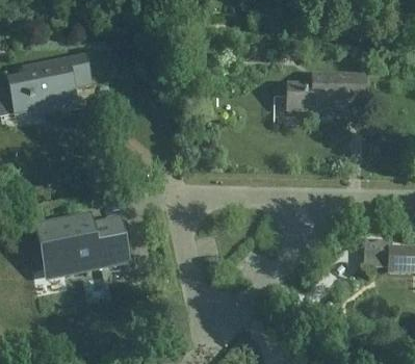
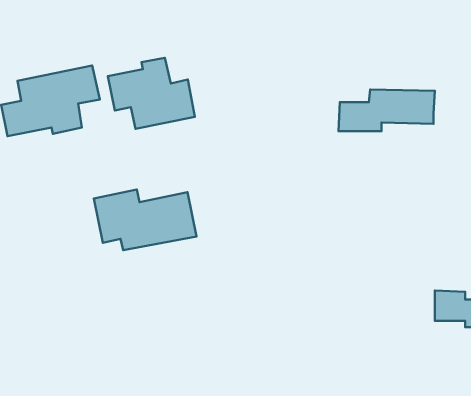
building: none -> [108,58,195,129]
building: [40,218,124,268] -> [94,190,196,250]

